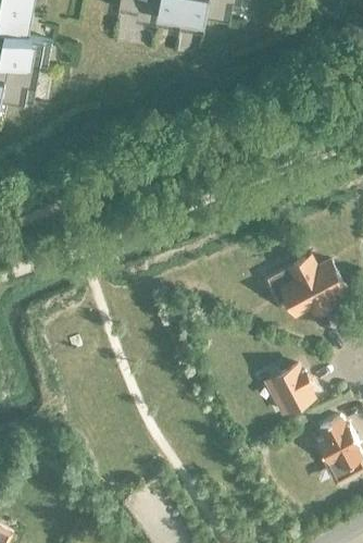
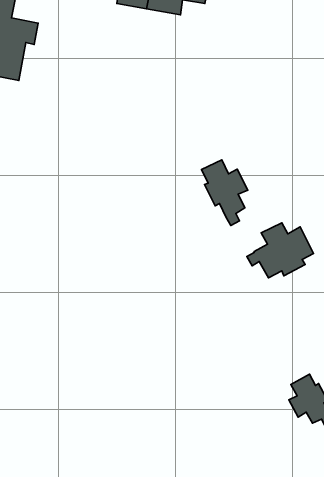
building: none -> [201,160,248,225]
building: [268,363,313,411] -> none

